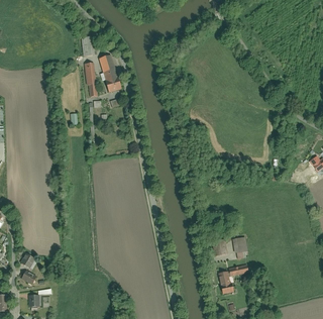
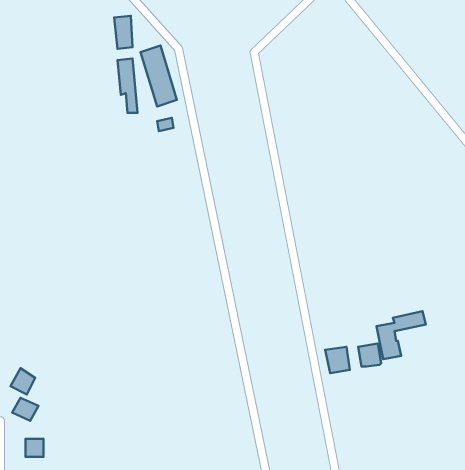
building: [218,264,248,294] -> [377,311,426,359]

